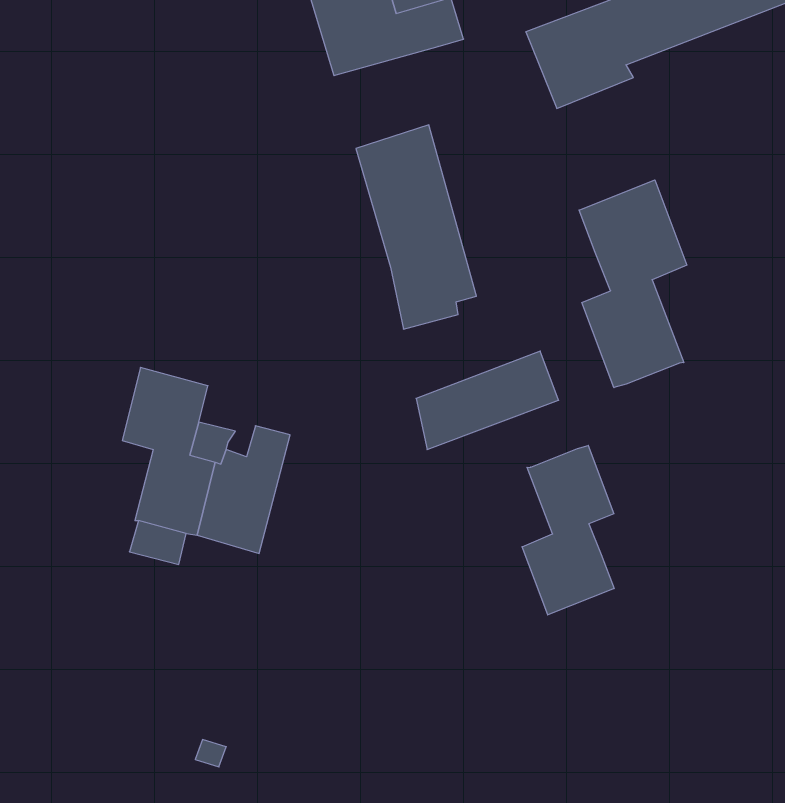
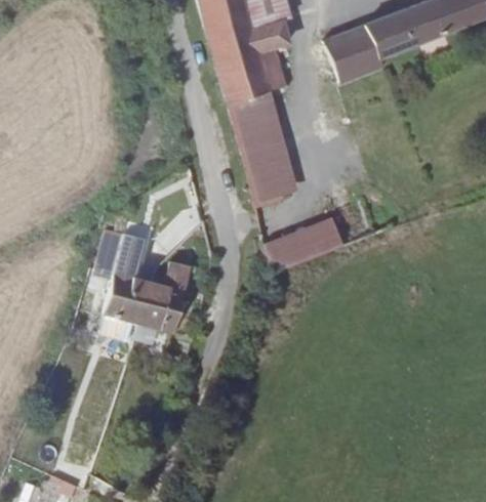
building: none -> [216,47,288,104]
building: [579,180,687,388] -> none
building: [522,445,614,615] -> none

